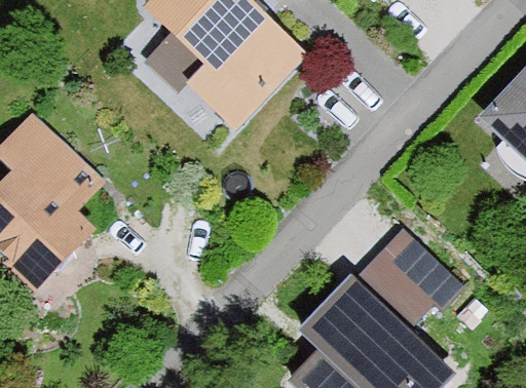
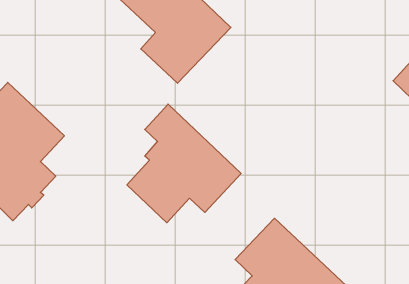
building: none -> [127,104,241,223]
building: [360,230,462,314] -> none

